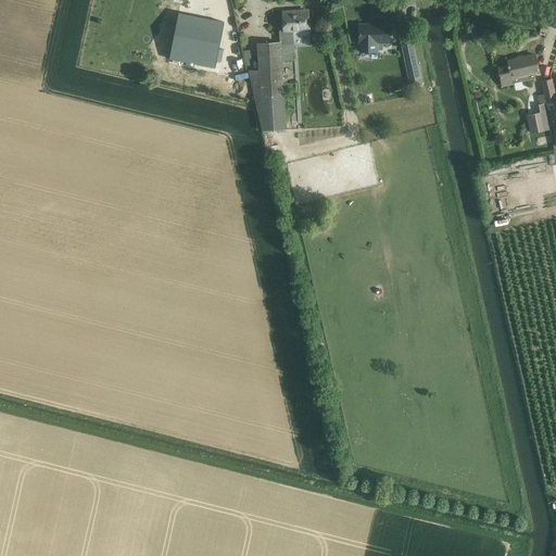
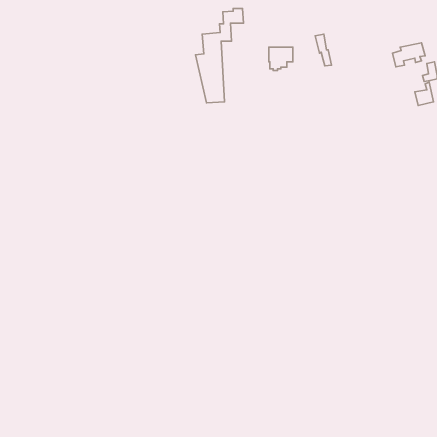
building: [170,14,233,63] -> none
building: [358,24,389,53] -> [269,47,293,70]

